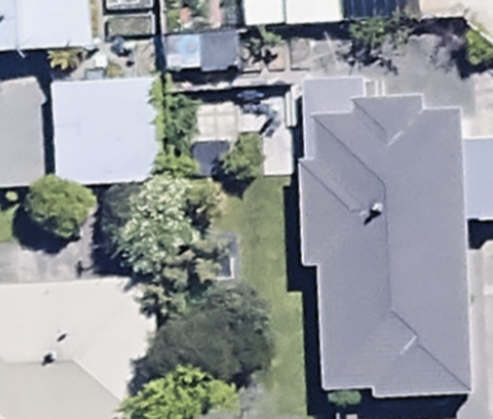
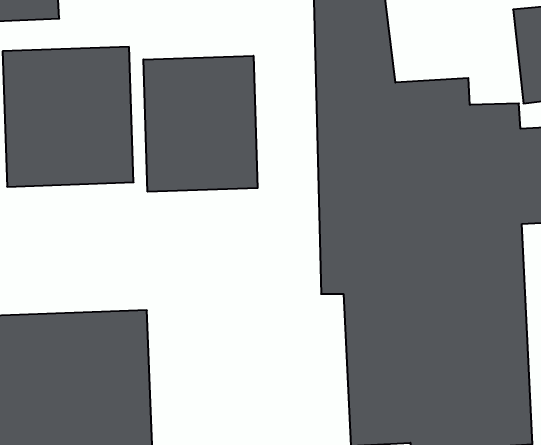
building: none -> [143,56,258,192]

